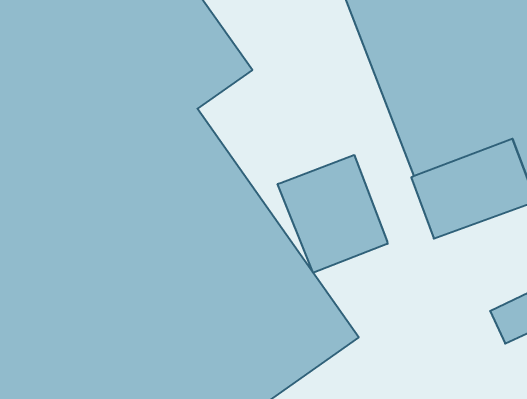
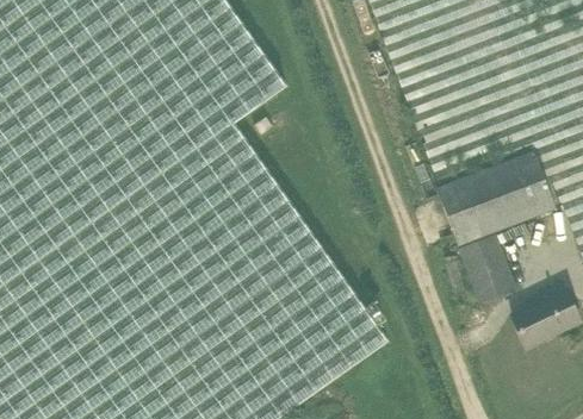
building: [278,155,388,273] -> none
building: none -> [457,236,516,306]

